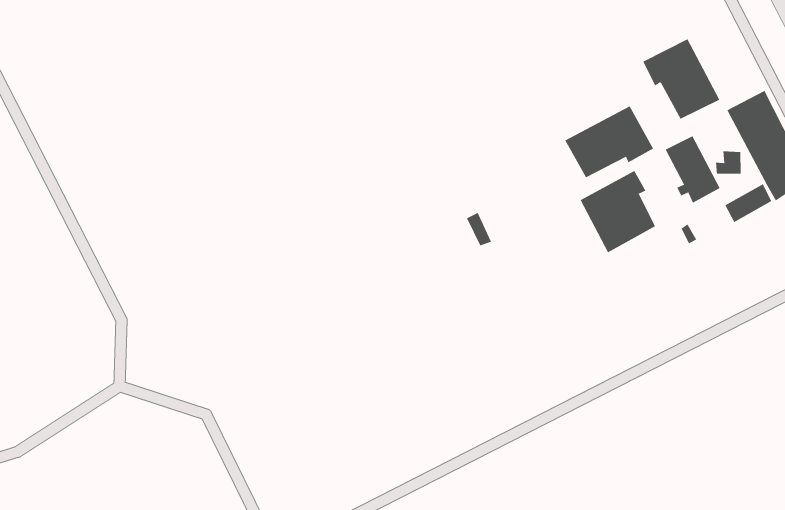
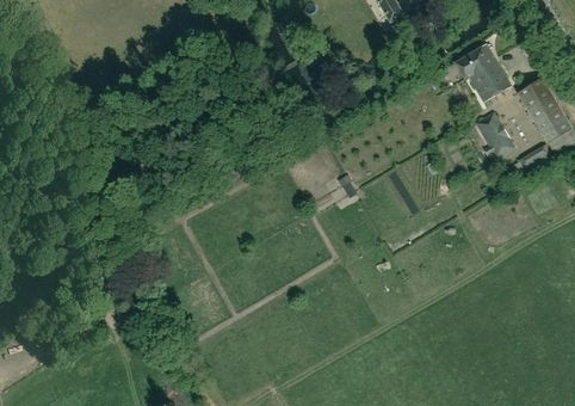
building: [564,105,654,178] -> none
building: [580,170,656,253] -> none

